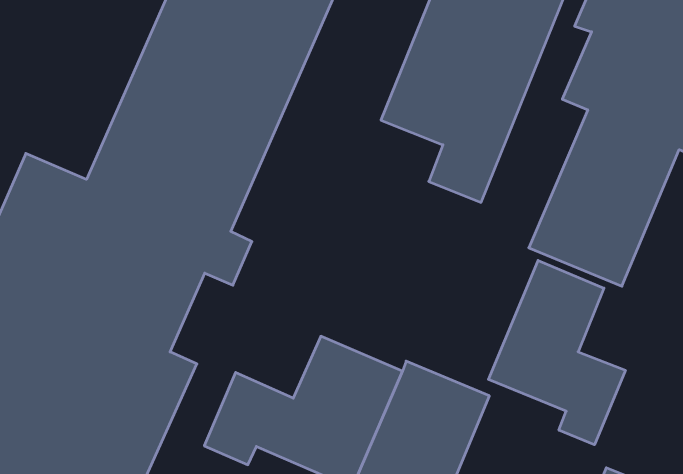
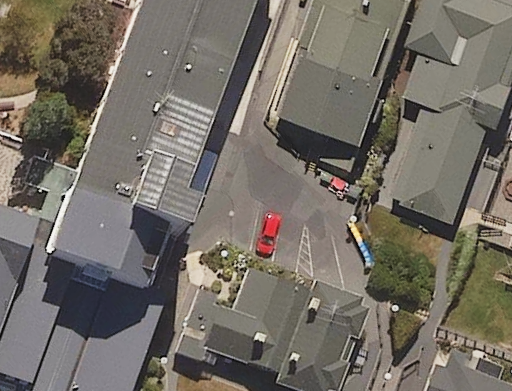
building: [488,260,625,445] -> none

